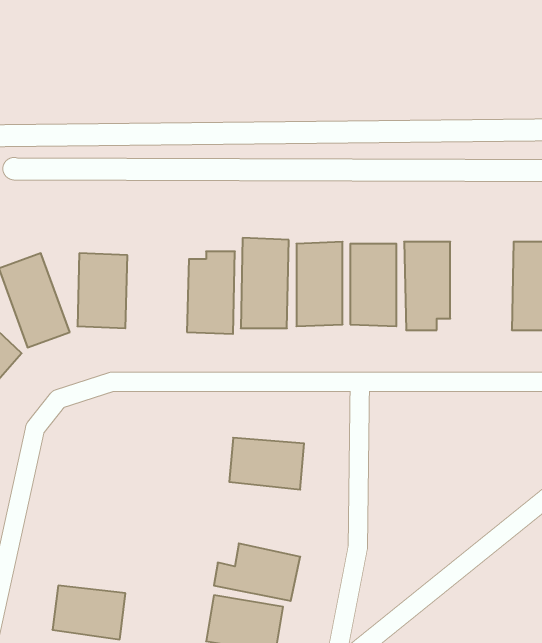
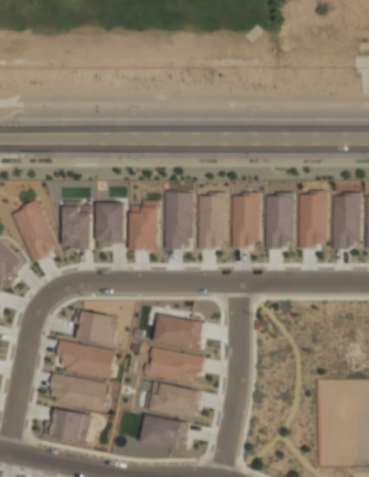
building: none -> [297,194,327,246]
building: none -> [96,203,125,250]
building: none -> [75,311,115,344]
building: none -> [56,341,116,379]
building: none -> [146,347,202,384]
building: none -> [49,374,106,411]

